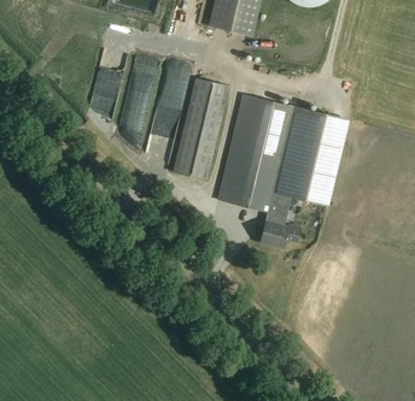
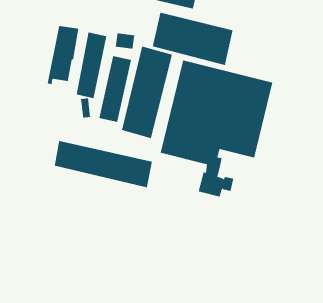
building: none -> [152,12,233,66]
building: none -> [54,140,152,188]

